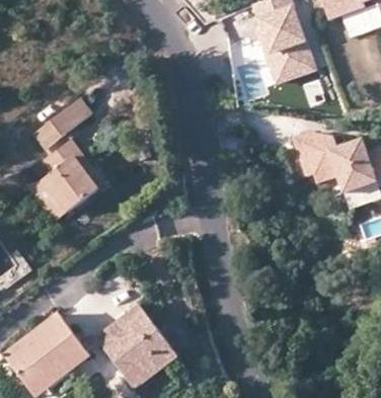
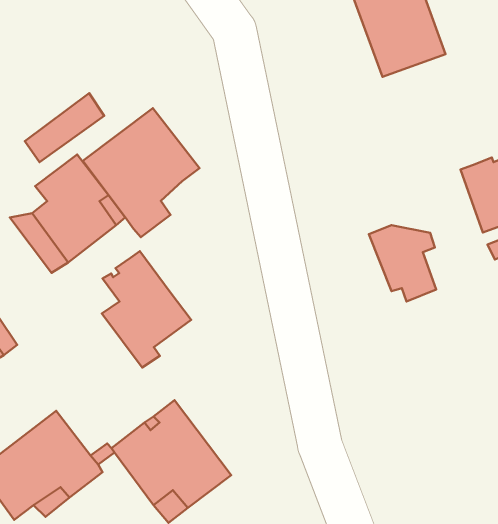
building: none -> [83,108,200,237]
building: [294,132,339,183] -> [369,225,436,302]
building: none -> [102,251,191,368]

